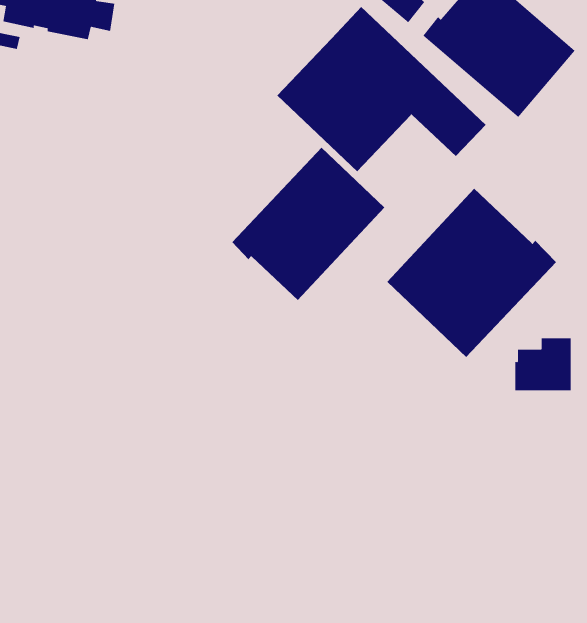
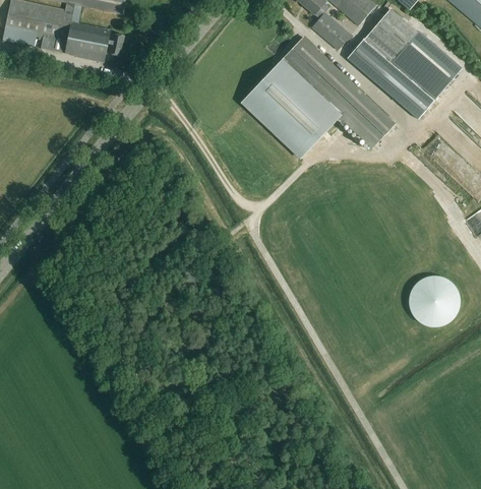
building: [231,147,385,301] -> none
building: [386,188,557,358] -> none

